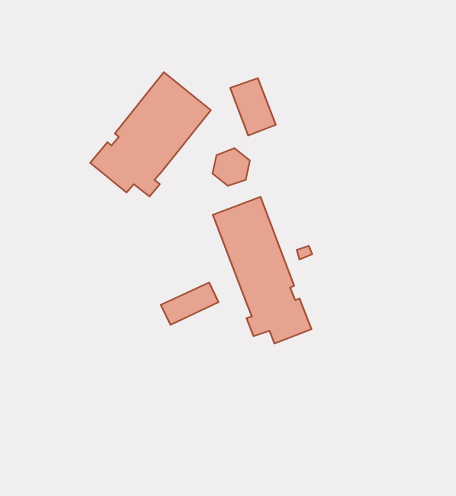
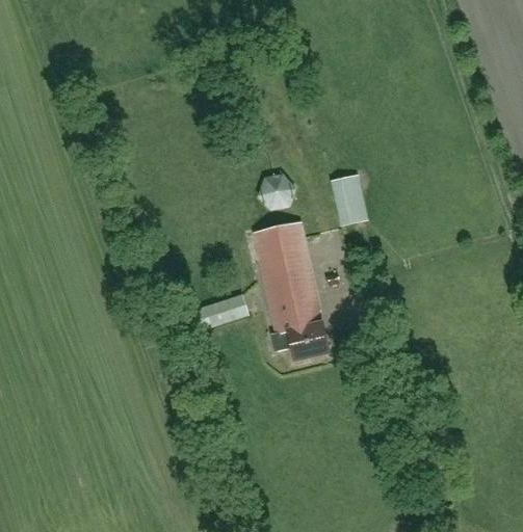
building: [90,72,211,196] -> none
building: [230,78,276,135] -> [331,174,368,225]

